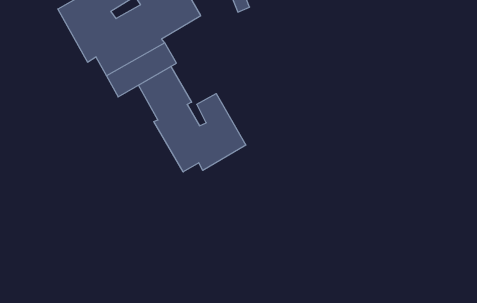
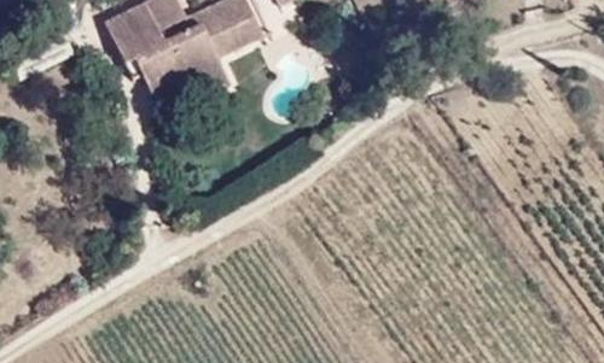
building: [139,66,246,172] -> none

